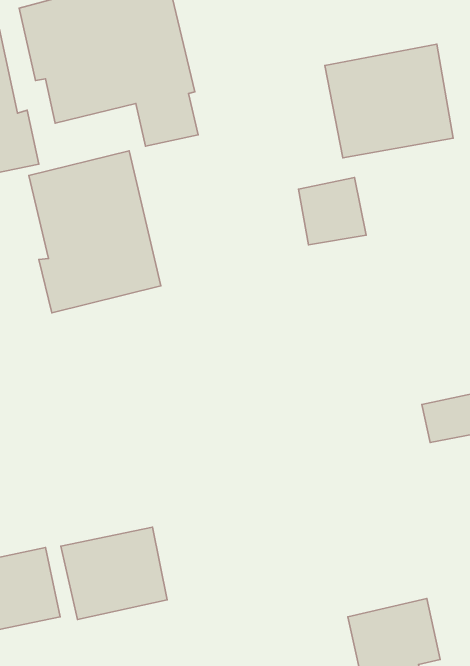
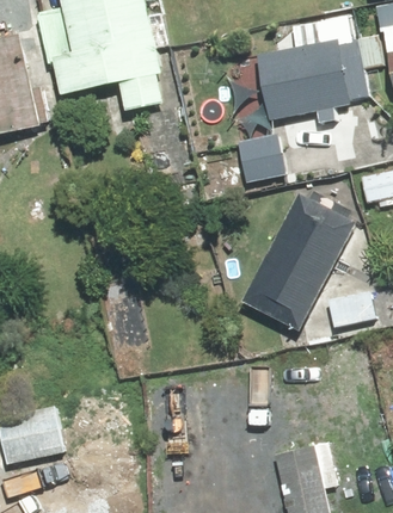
building: [29,151,161,313] -> none
building: none -> [238,191,355,332]
building: [61,527,167,620] -> none

